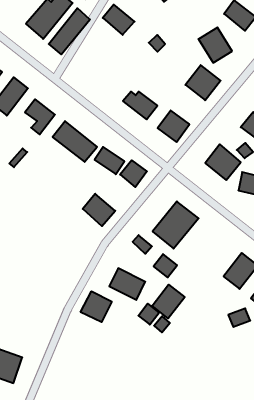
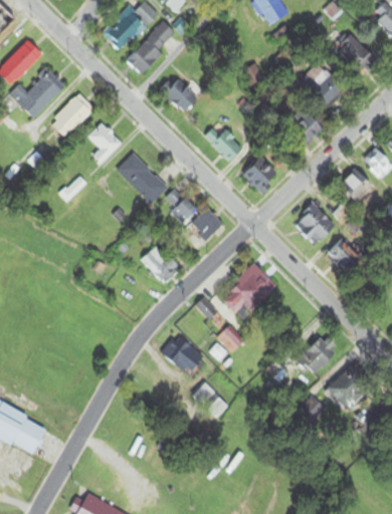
building: [103,5,135,35] -> [161,76,198,113]
building: [152,285,185,318] -> none
building: [81,291,112,322] -> none

